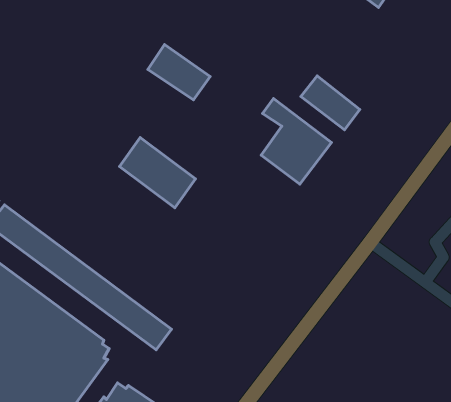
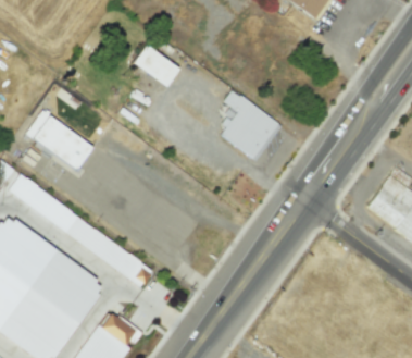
building: [301,76,360,130] -> none
building: [120,137,195,208] -> [33,114,92,170]

